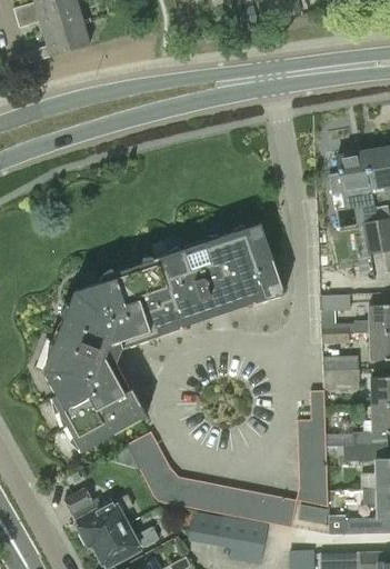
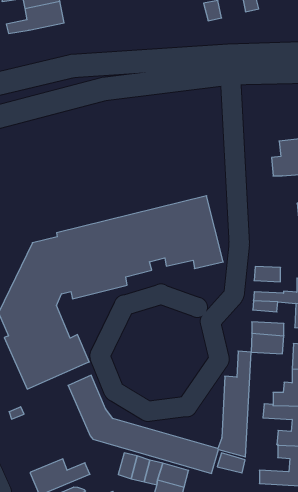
building: [64,489,133,547] -> none

